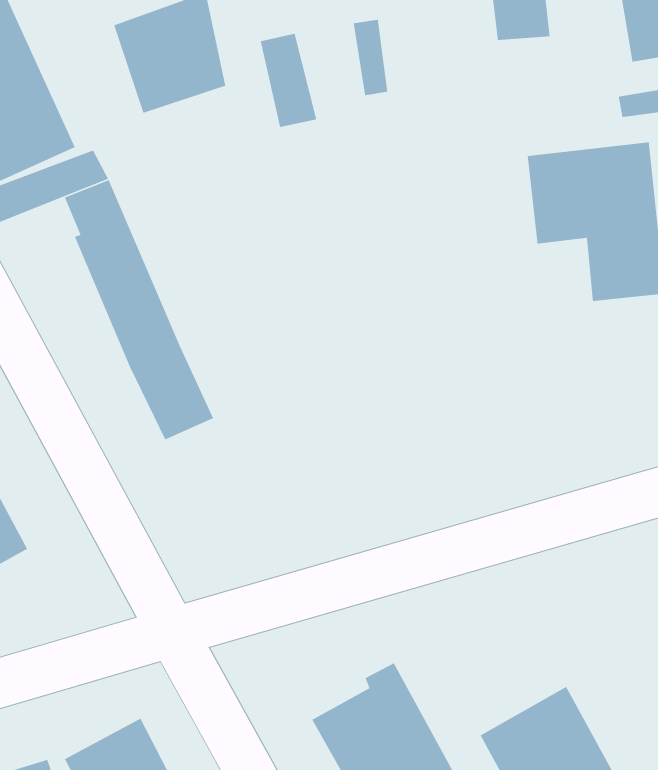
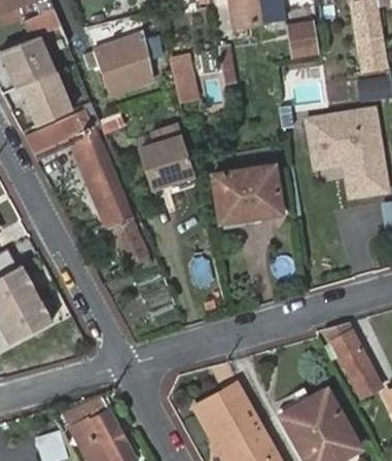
building: none -> [134,131,190,187]
building: none -> [212,166,277,220]
building: none -> [324,326,369,379]

